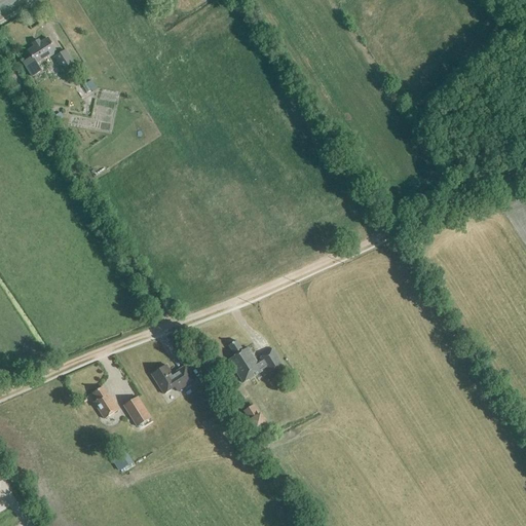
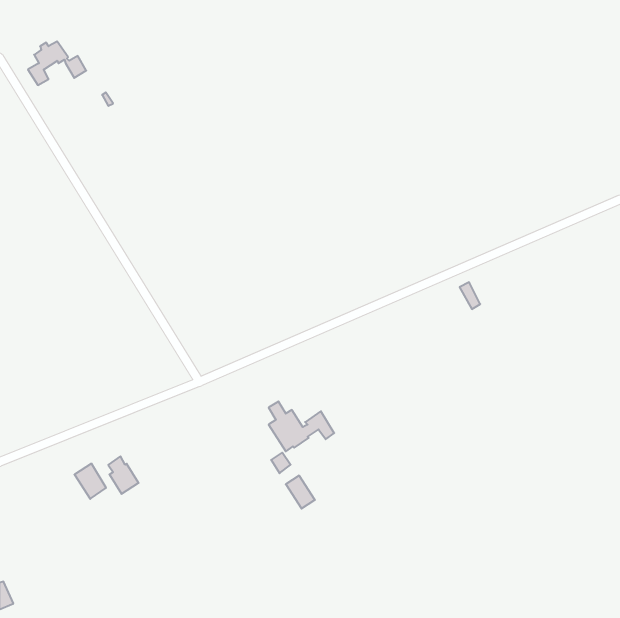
building: [150,364,193,392] -> none
building: [122,396,149,425] -> [74,464,106,499]

